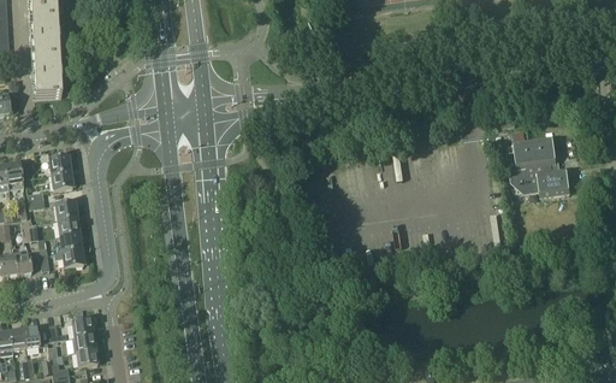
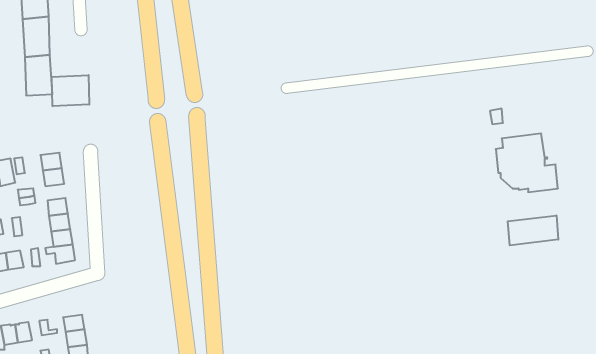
building: none -> [52,75,89,106]
building: none -> [508,215,558,245]

